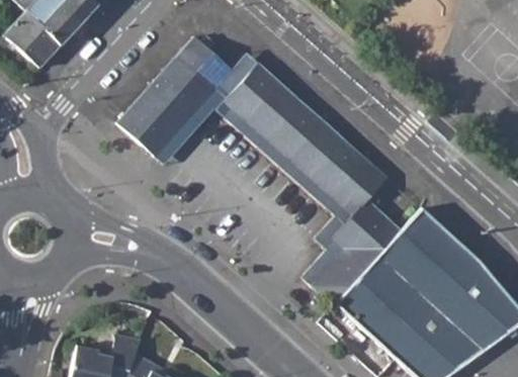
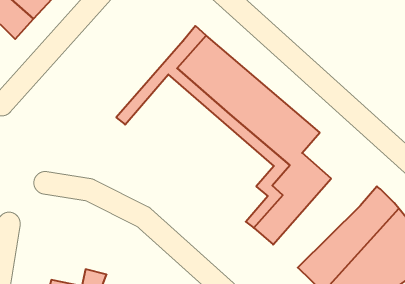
building: [118,38,233,159] -> none
building: [336,206,455,331] -> none

